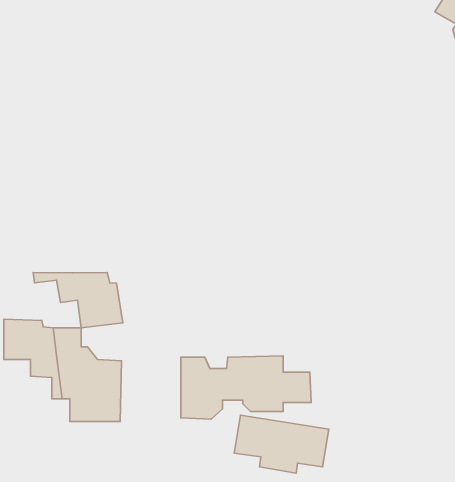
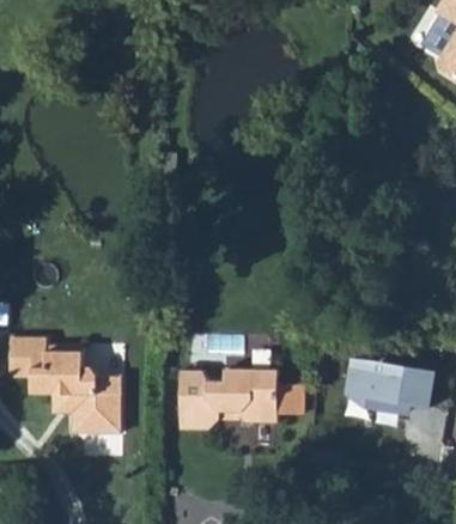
building: [33,272,123,328] -> none
building: [234,415,329,473] -> [343,360,433,415]

